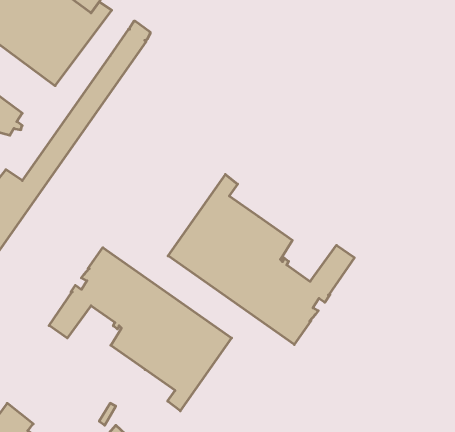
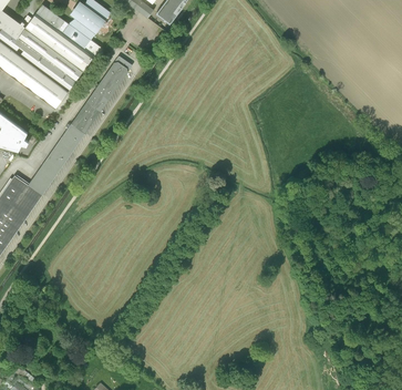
building: [168,174,354,345] -> none
building: [49,248,232,411] -> none

